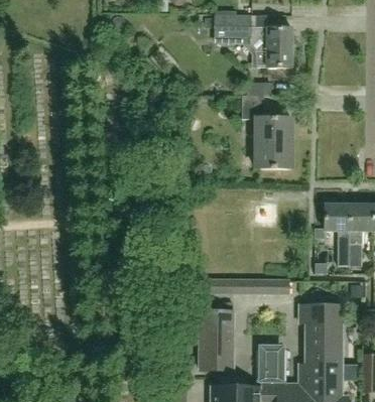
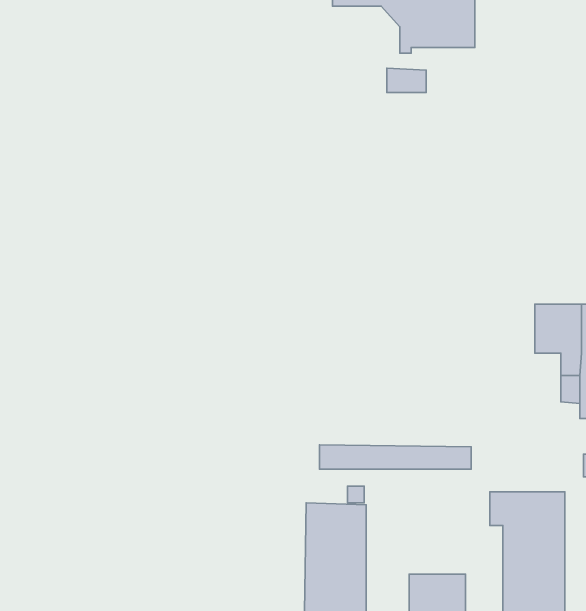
building: [242,94,291,167] -> none

